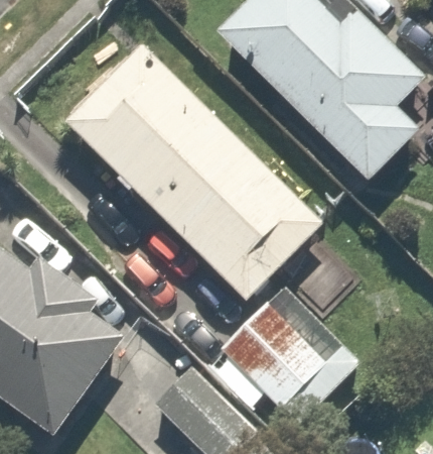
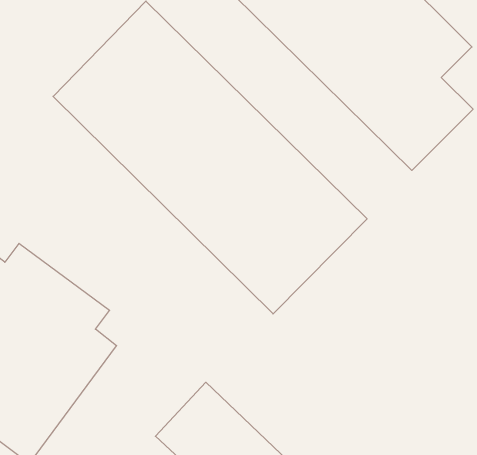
building: [207,298,330,410] -> none

